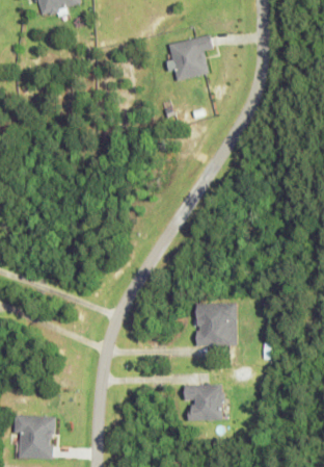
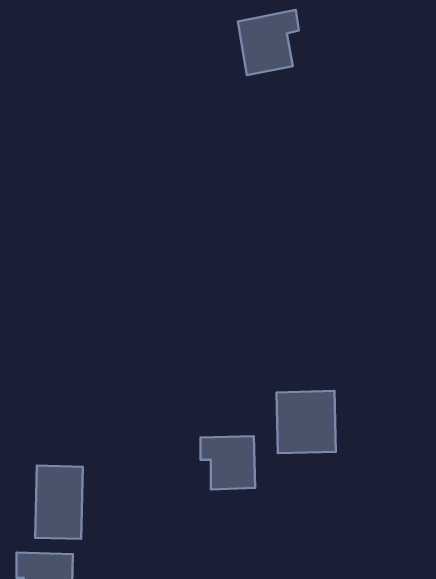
building: none -> [35,465,83,539]
building: [185,384,223,421] -> [200,436,255,489]

